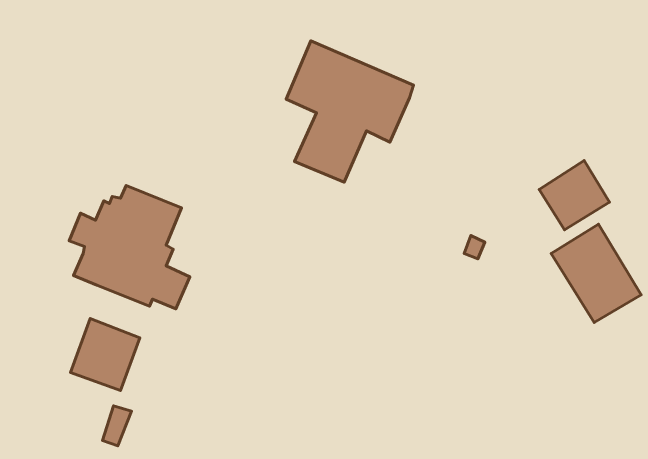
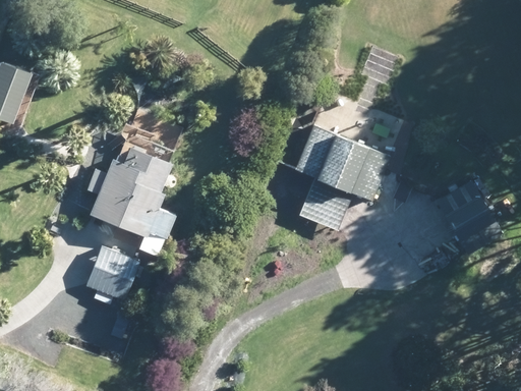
building: [286,41,413,182] -> [293,122,387,226]
building: [539,161,610,230] -> none

